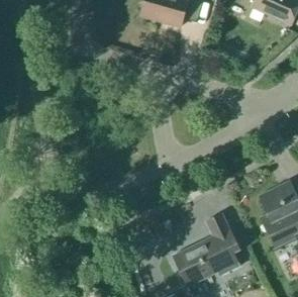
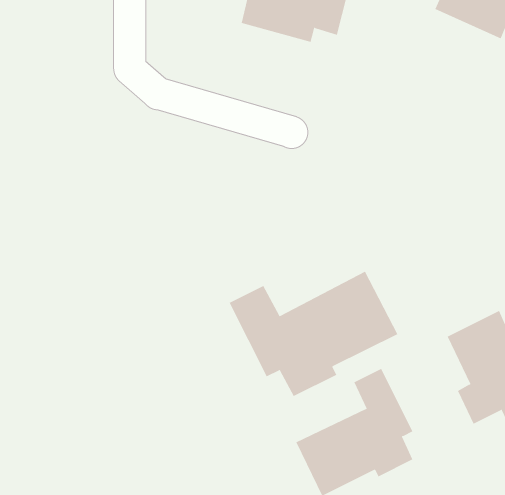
building: none -> [229,271,398,397]

